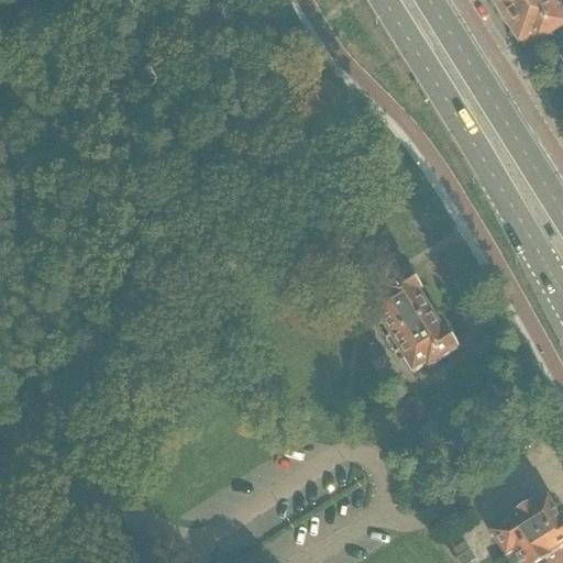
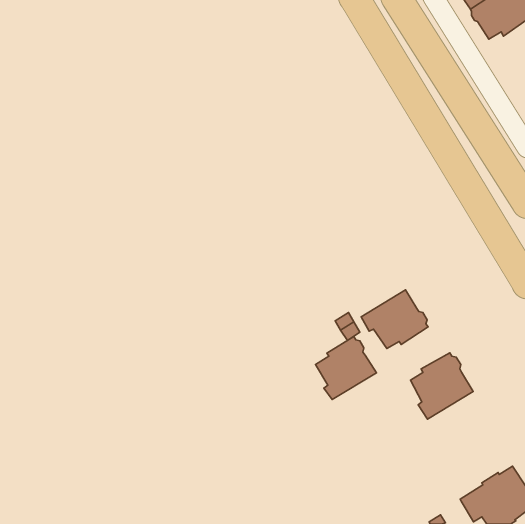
building: [369,271,434,338] -> [316,337,376,400]
building: none -> [410,353,473,419]

